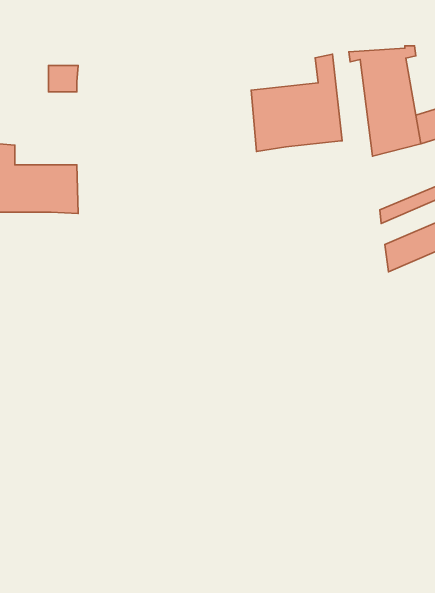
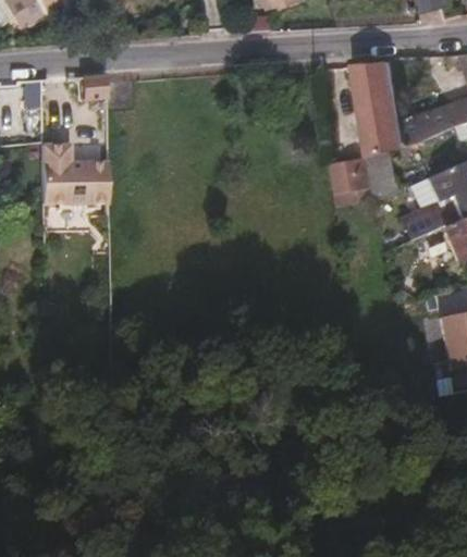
building: [251,54,342,151] -> none
building: none -> [331,153,372,196]

